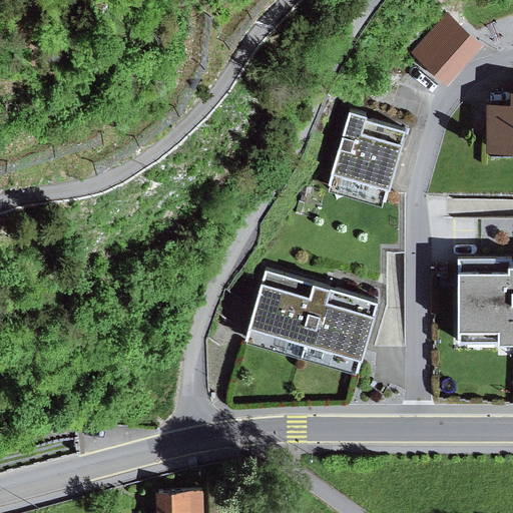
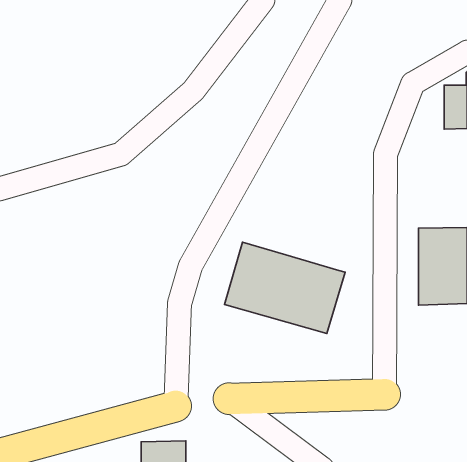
building: [417,16,484,83] -> none
building: [328,111,405,207] -> none

